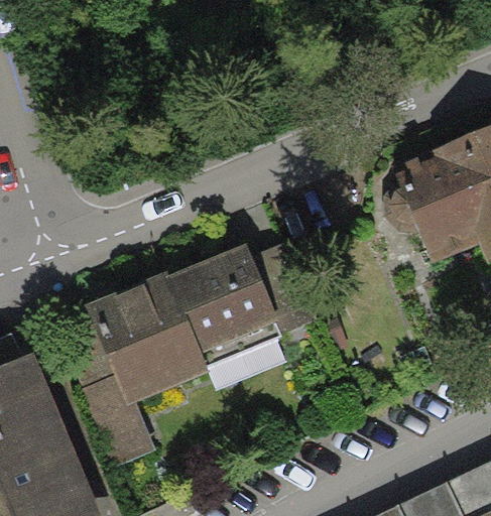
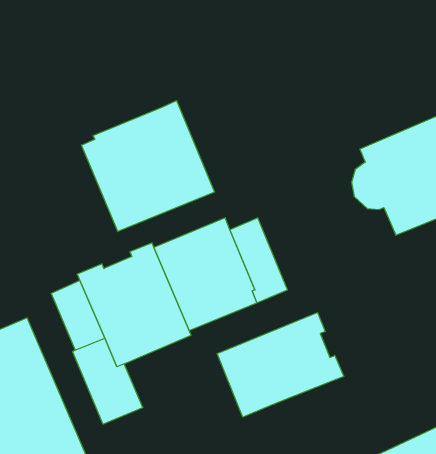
building: none -> [81,101,214,232]
building: none -> [217,313,344,417]

